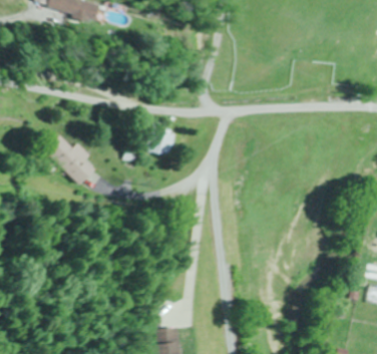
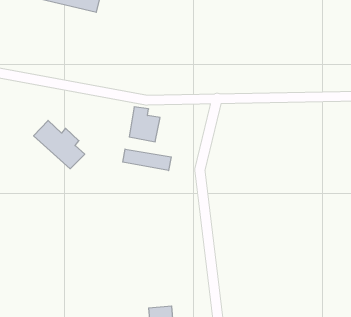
building: none -> [123,149,171,171]

